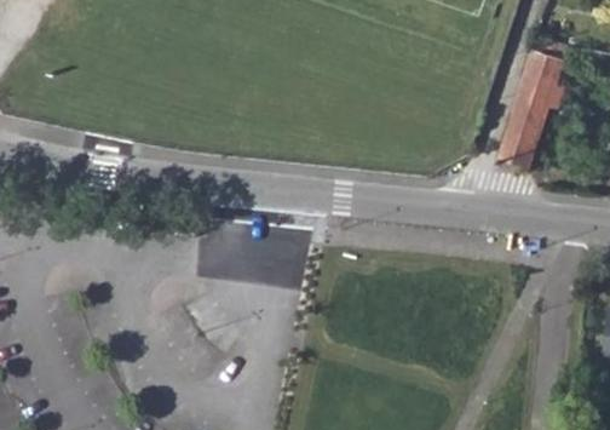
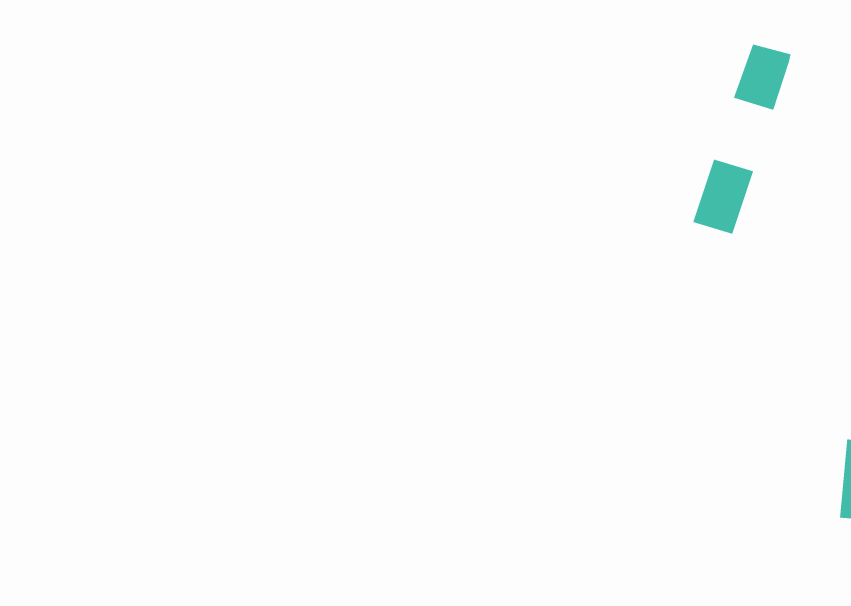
building: [514,73,556,122] -> none

